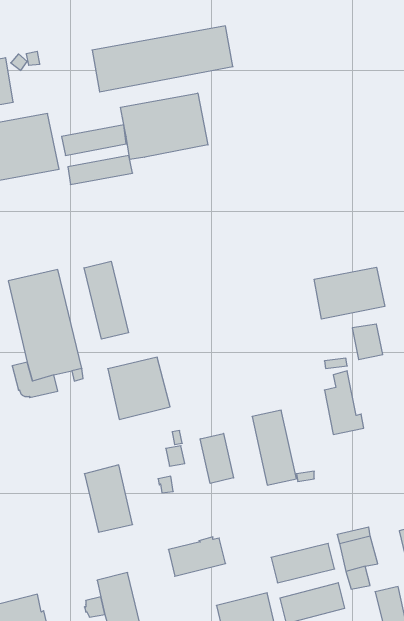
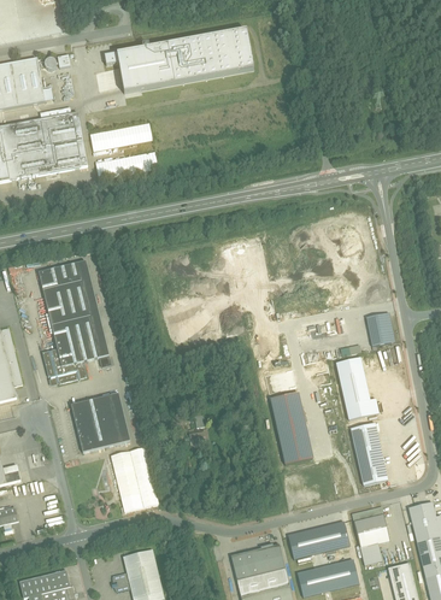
building: [121,93,208,159] -> none
building: [84,261,128,339] -> none
building: [314,267,385,319] -> none
building: [108,357,170,419] -> [71,393,130,452]
building: [200,433,234,483] -> none
building: none -> [349,424,386,484]
building: [168,537,226,576] -> [230,542,284,580]

